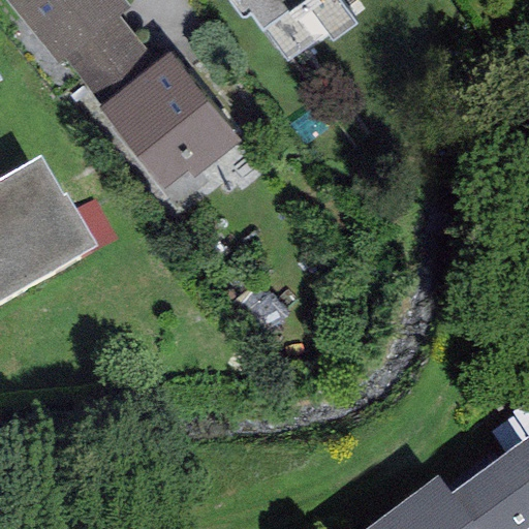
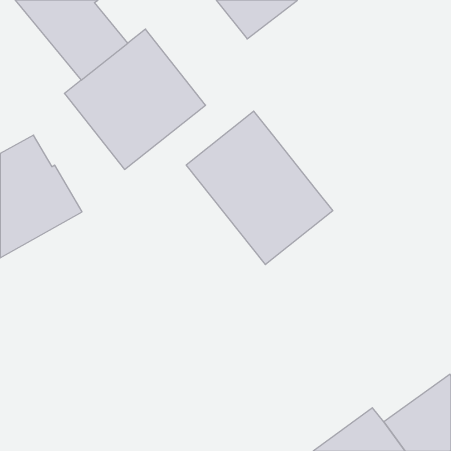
building: none -> [186,111,333,265]

